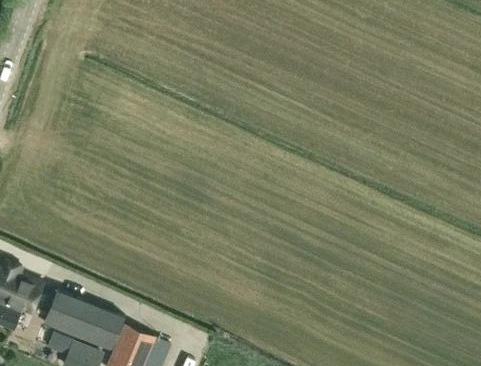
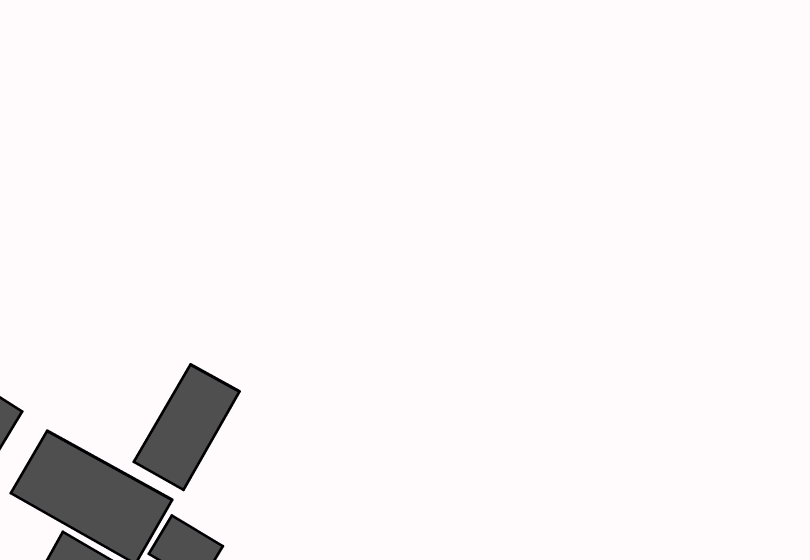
building: none -> [134,365,239,490]

